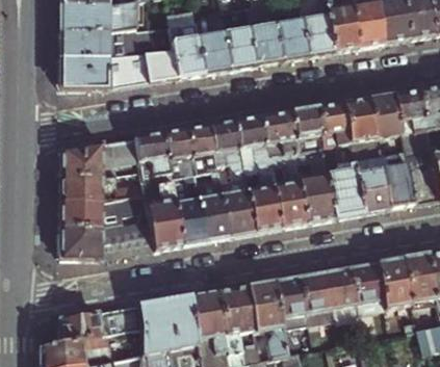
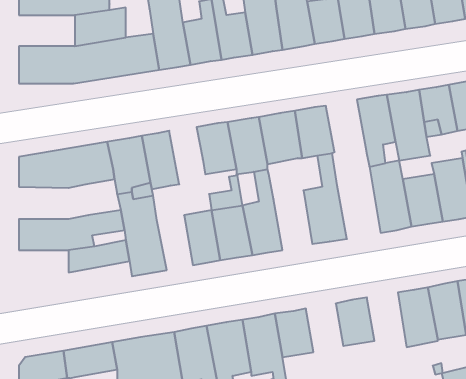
building: [59,31,106,57] -> none
building: [316,102,350,146] -> none
building: [185,125,216,174] -> none
building: [326,148,362,218] -> none
building: [267,151,305,228] -> none
building: [59,173,145,202] -> none
building: [175,199,205,244] -> none
building: [59,228,154,259] -> none
building: [351,263,384,314] -> none
building: [300,272,331,313] -> none

